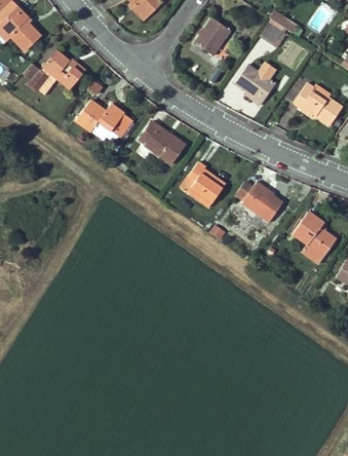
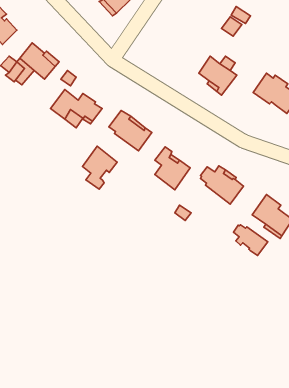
building: [195,18,230,55] -> none
building: none -> [82,146,117,189]
building: none -> [234,225,268,256]

